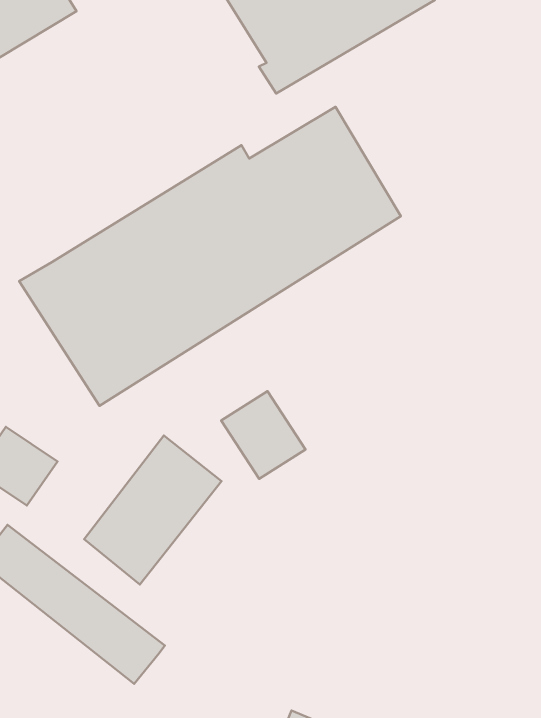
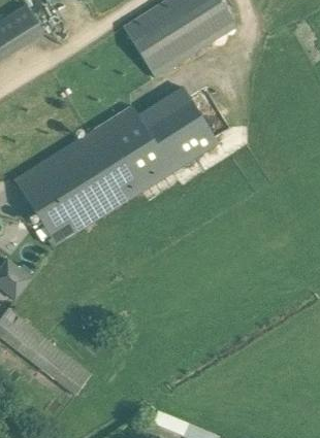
building: [221,391,306,479] -> none
building: [84,435,222,585] -> none

